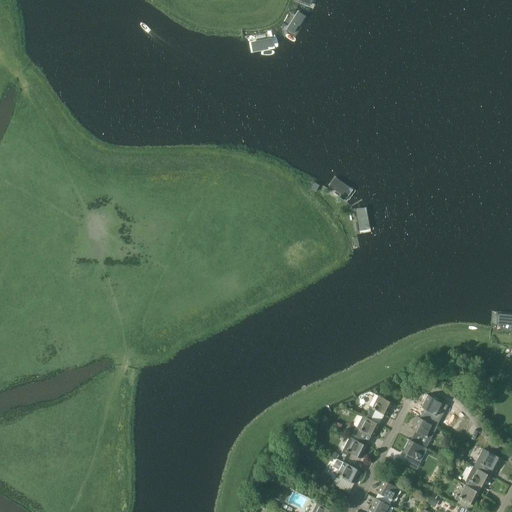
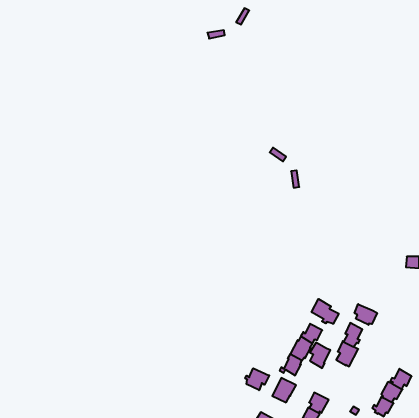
building: none -> [312,299,339,324]
building: none -> [355,304,377,325]
building: [402,440,427,471] -> [310,343,330,368]
building: none -> [245,368,269,390]

